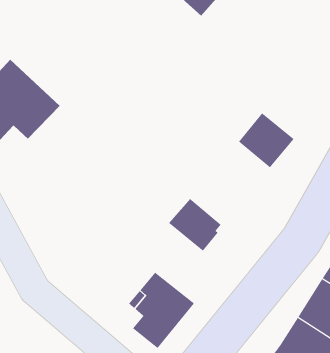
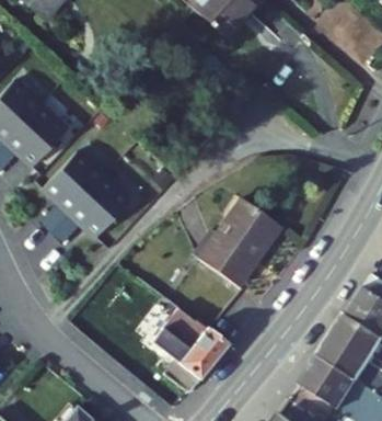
building: [238,113,295,168] -> [207,196,267,255]
building: none -> [40,148,132,240]

